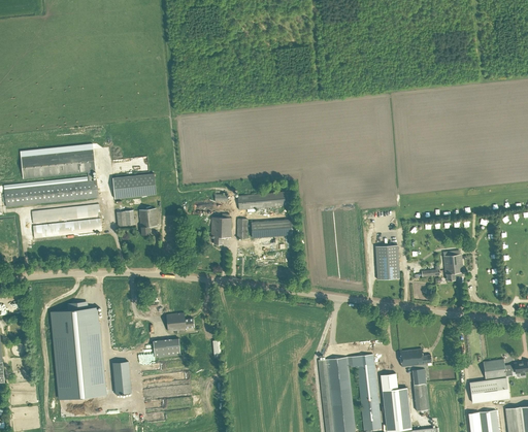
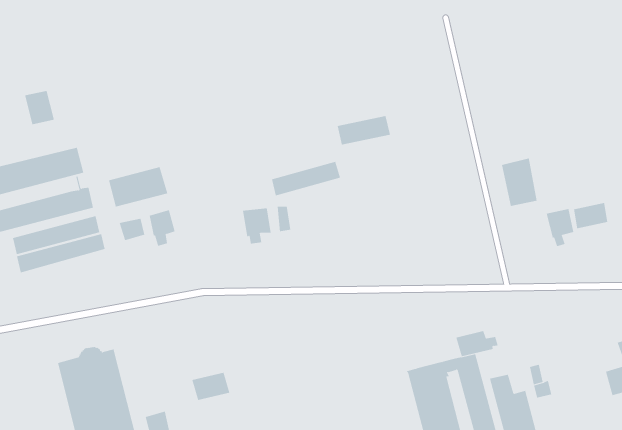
building: none -> [24,90,55,125]
building: [252,220,292,237] -> [337,115,391,145]
building: [375,244,399,279] -> [501,158,538,207]
building: none -> [573,202,608,229]
building: [166,312,194,331] -> none
building: [399,348,431,366] -> [455,330,498,357]

